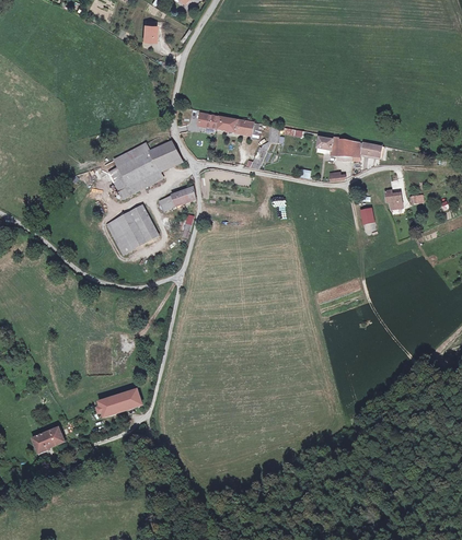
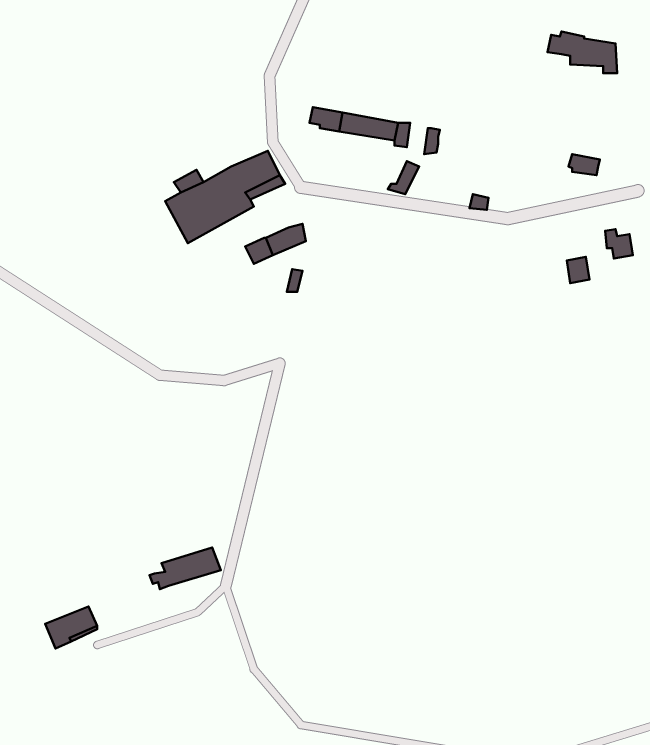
building: [316,134,360,161] -> [548,31,617,73]
building: [106,204,159,255] -> none

